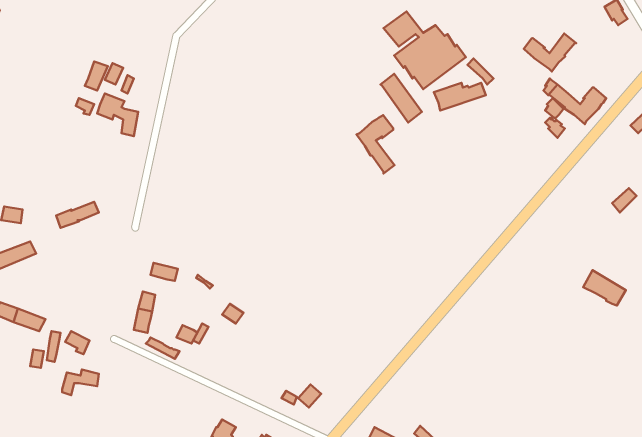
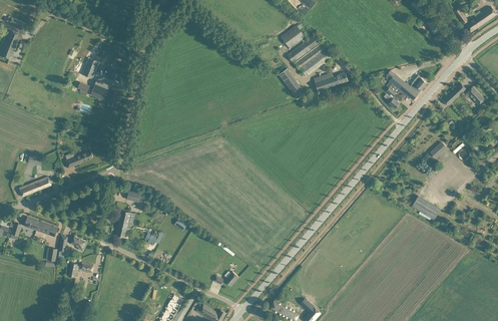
building: [524,34,576,72] -> none
building: [356,115,395,173] -> none

